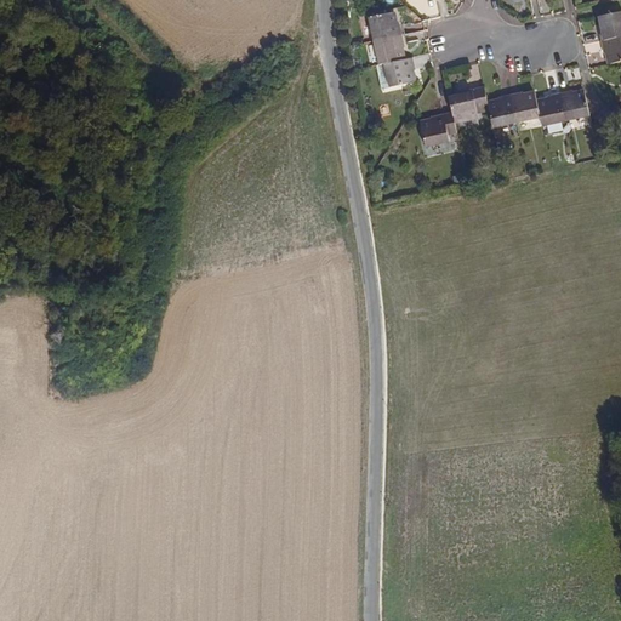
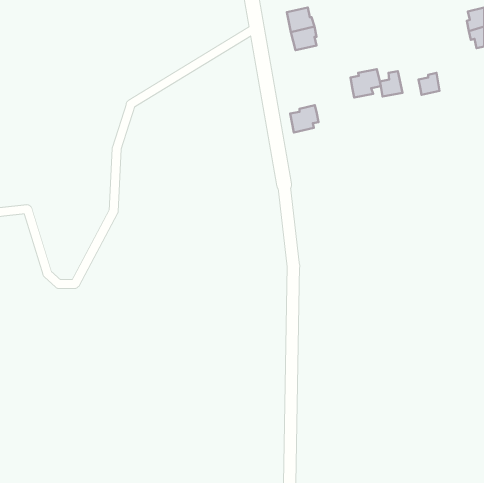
building: [384,57,415,86] -> none
building: [509,89,539,119] -> none
building: [559,91,588,116] -> none
building: [420,114,456,149] -> [290,105,319,133]

